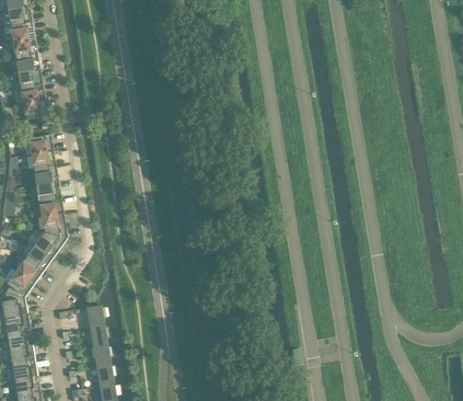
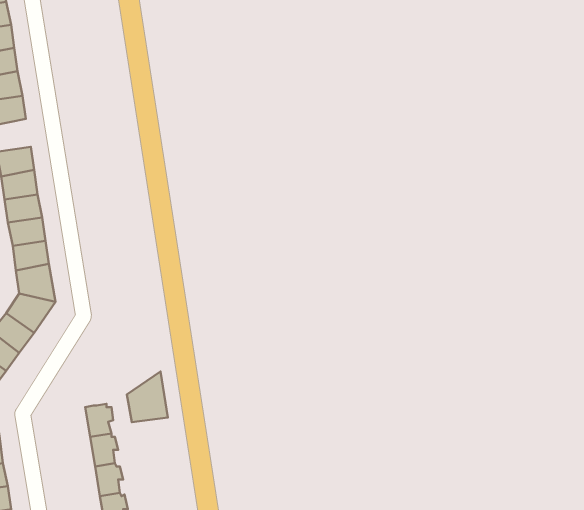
building: none -> [127,372,168,422]

